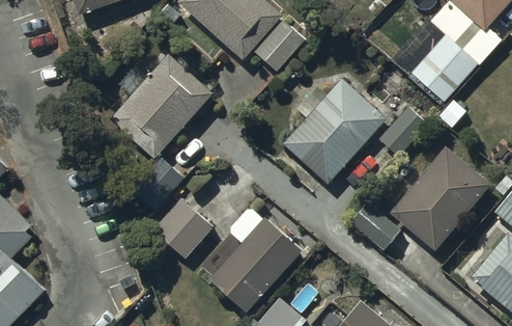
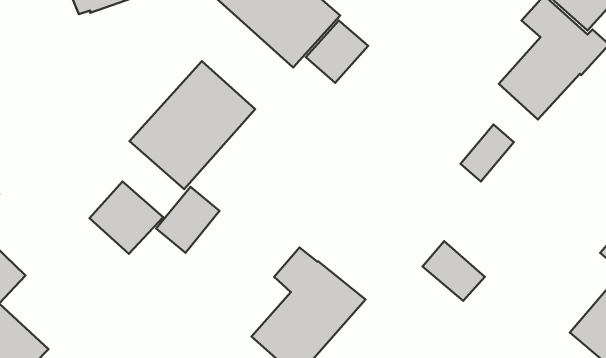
building: [283,79,387,184] -> none
building: [391,146,489,252] -> none
building: [152,198,212,257] -> [89,182,163,254]

